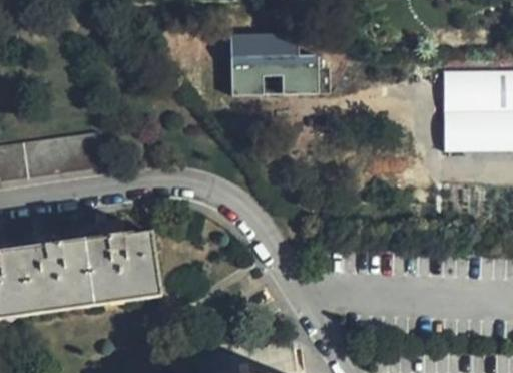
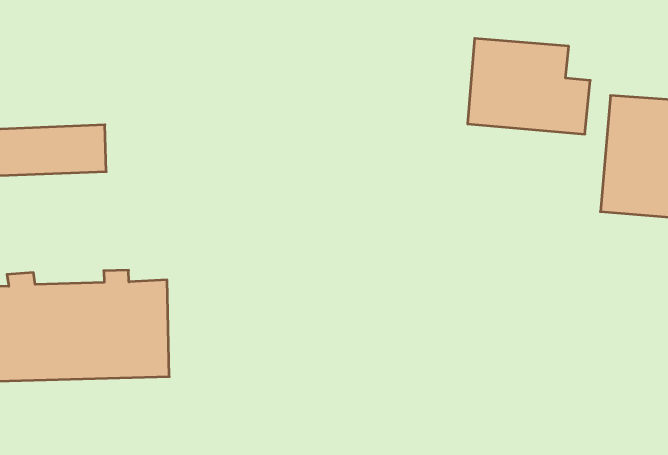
building: [230,33,313,93] -> [468,38,590,134]

